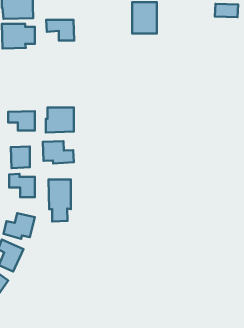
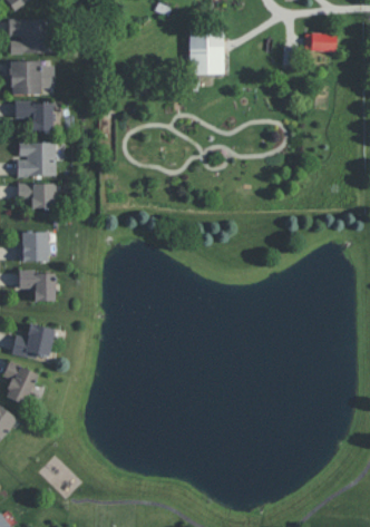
building: [46,20,74,41] -> [14,101,53,130]
building: [46,107,74,132] -> [17,141,56,176]
building: [43,141,74,164] -> none
building: [48,180,71,221] -> none

